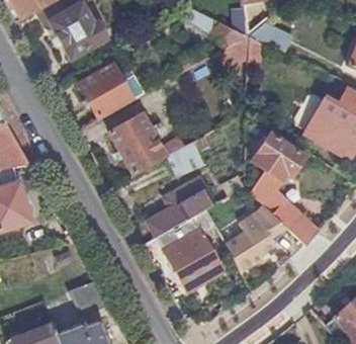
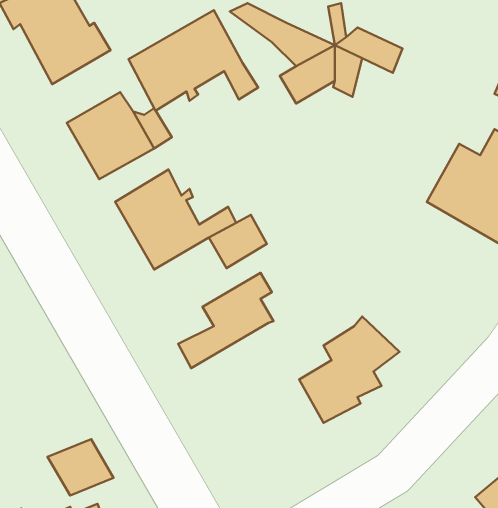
building: none -> [128,10,258,111]
building: [252,133,318,243] -> none
building: [157,207,223,289] -> none

